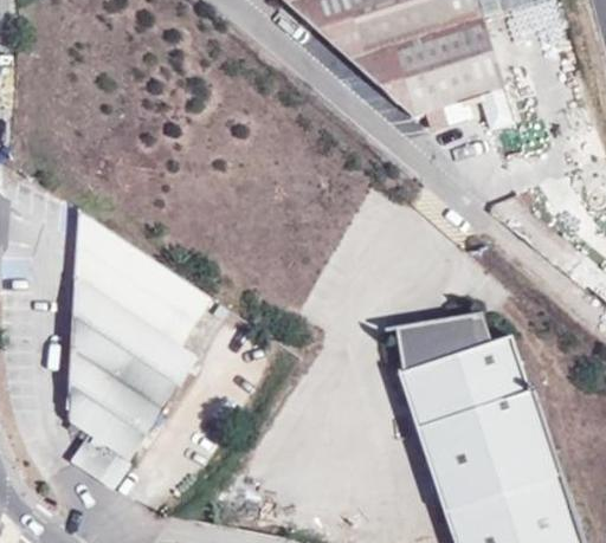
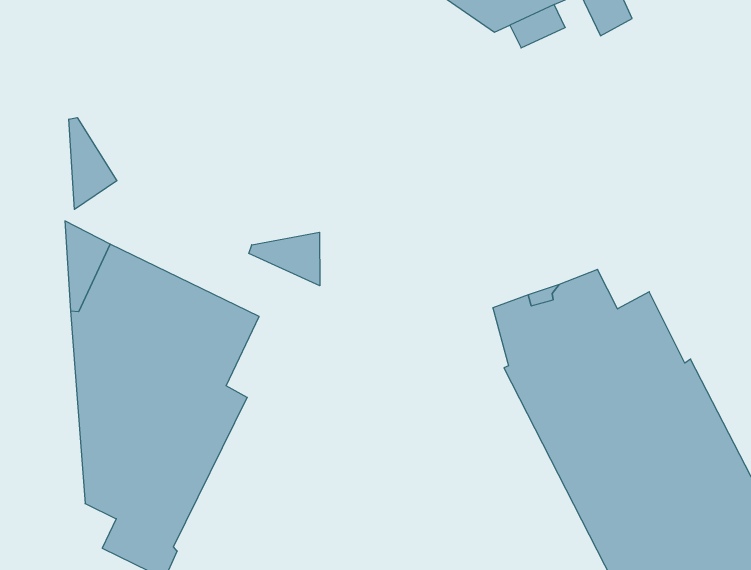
building: none -> [69,118,117,209]
building: none -> [249,232,320,286]

